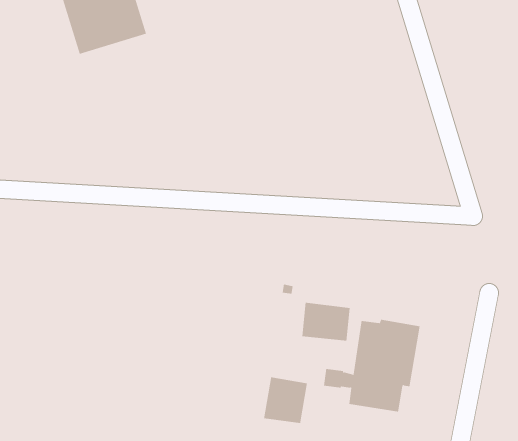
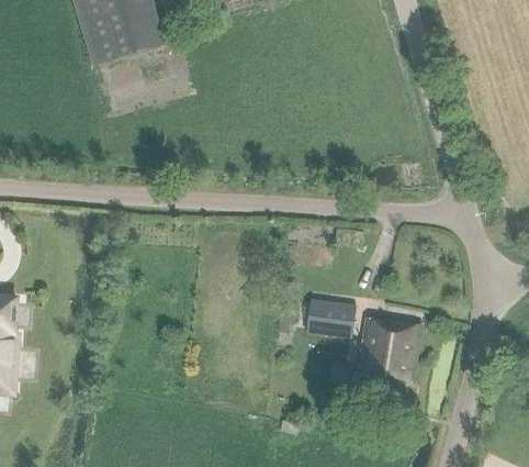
building: [264,377,307,424] -> none

